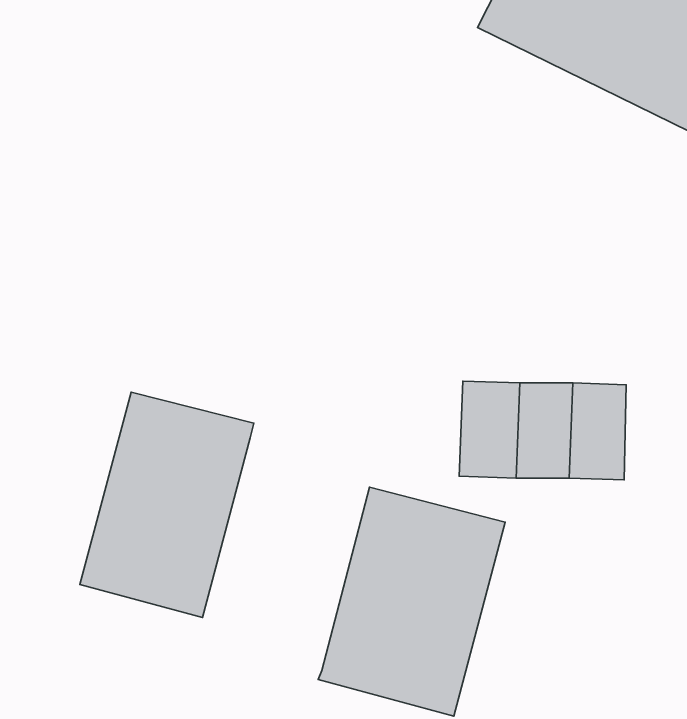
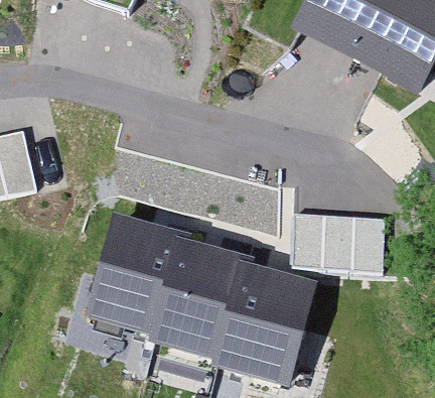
building: none -> [148,243,245,371]

